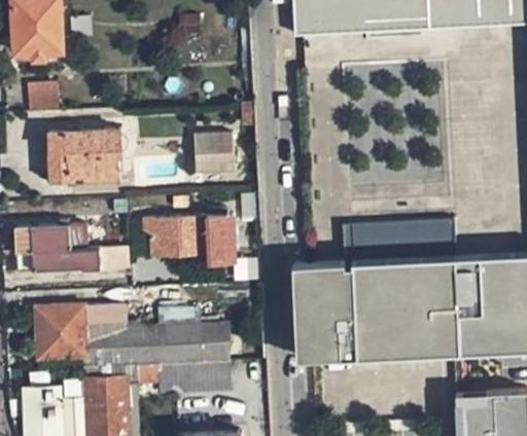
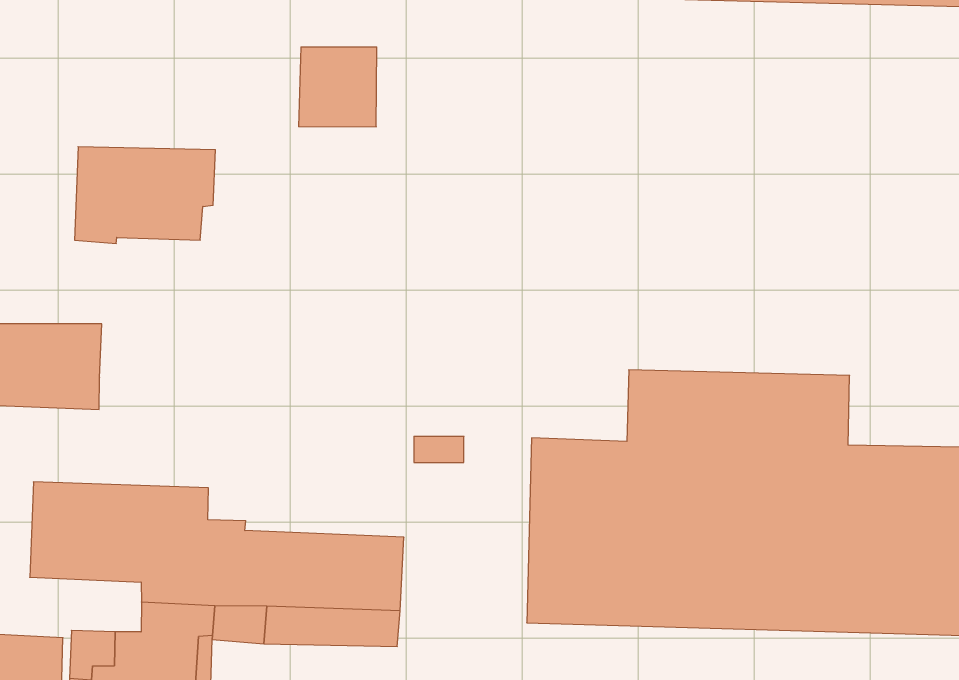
building: [28,82,58,112] -> none
building: [190,132,233,176] -> [299,47,377,127]
building: [142,214,238,261] -> none
building: [67,249,124,272] -> none

